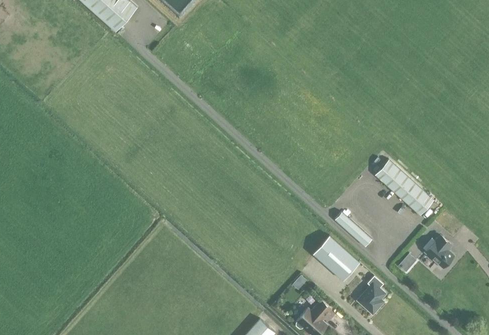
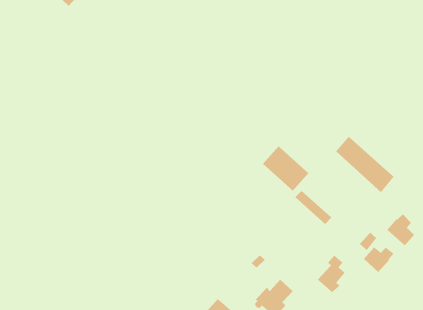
building: [312,234,358,279] -> [262,146,309,191]
building: none -> [363,246,395,273]

